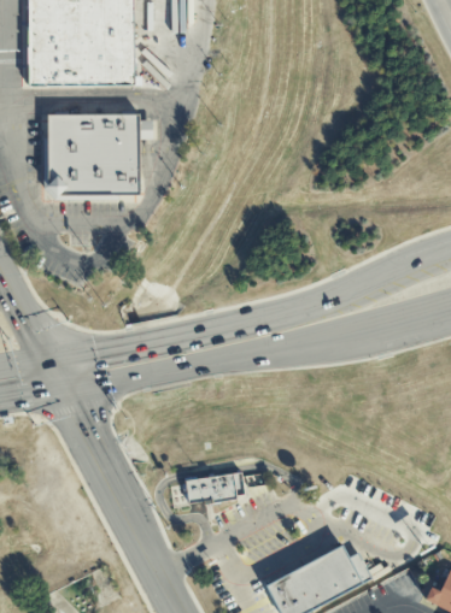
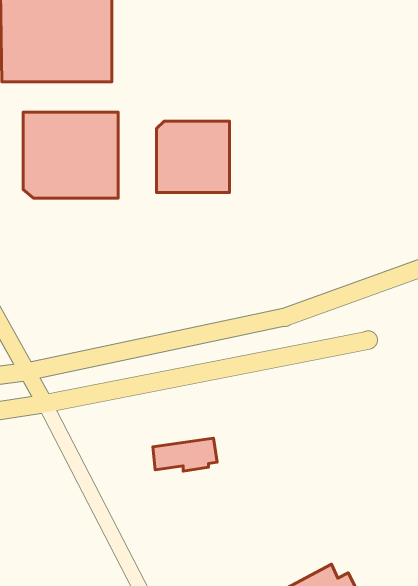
building: none -> [156,121,230,192]
building: [182,471,244,502] -> [153,438,217,471]

